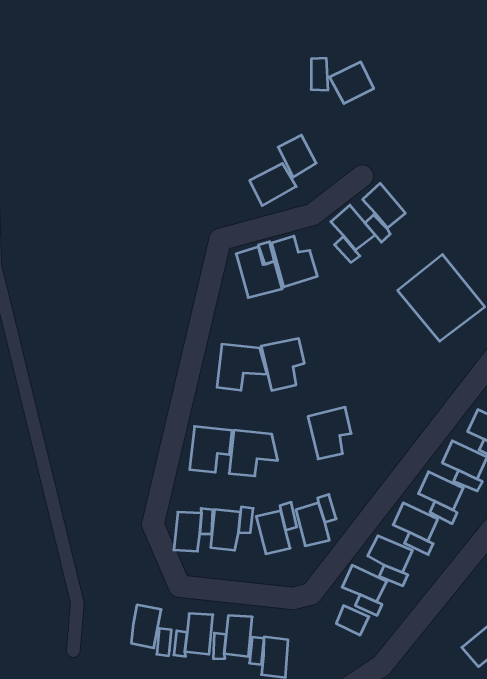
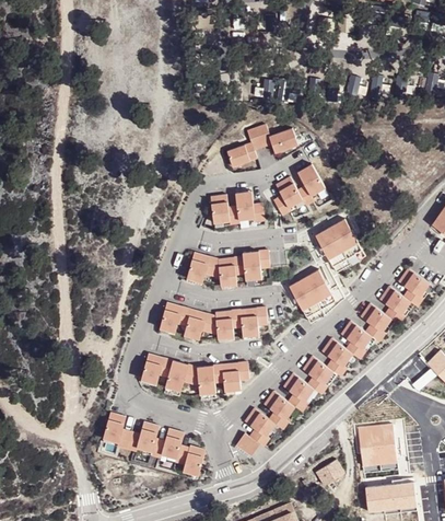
building: [330,62,374,104] -> [270,128,297,153]
building: none -> [243,251,262,286]
building: none -> [289,265,341,317]
building: none -> [215,310,242,340]

